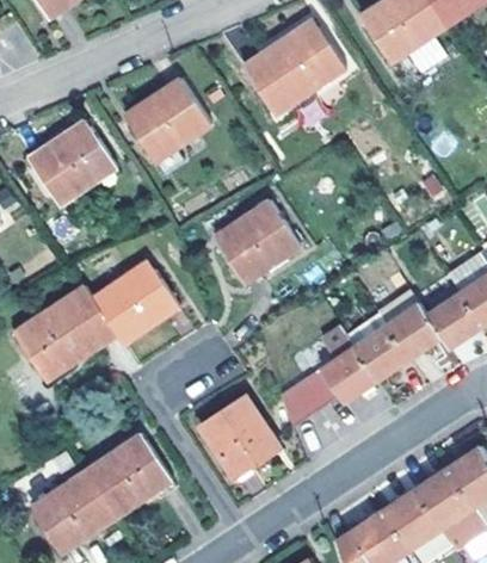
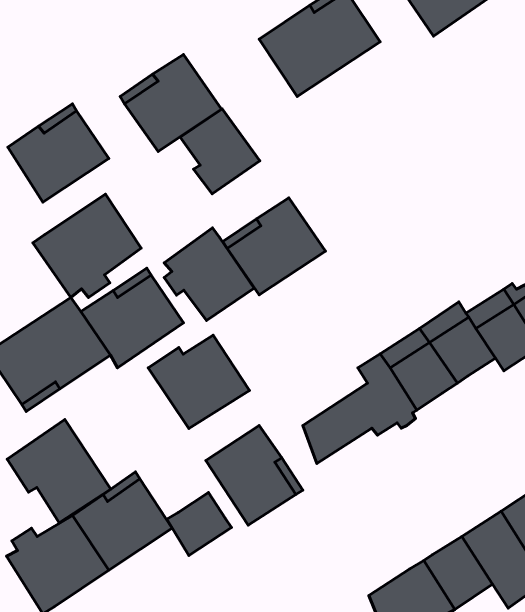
building: none -> [180,109,260,194]
building: none -> [33,194,141,298]
building: none -> [164,228,254,321]
building: none -> [148,335,249,429]
building: none -> [7,420,111,523]
building: none -> [167,492,232,556]

